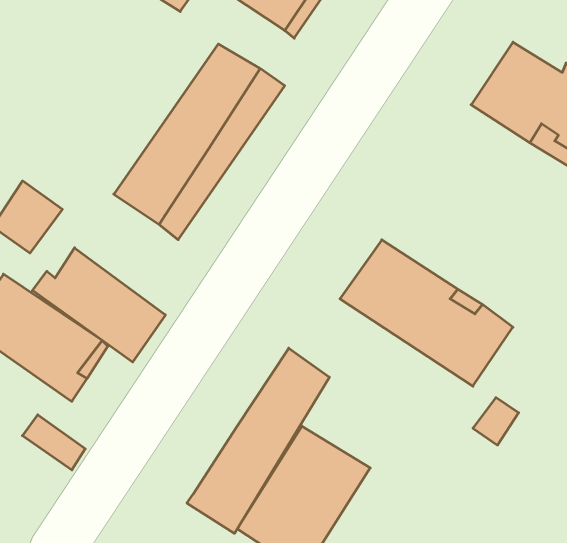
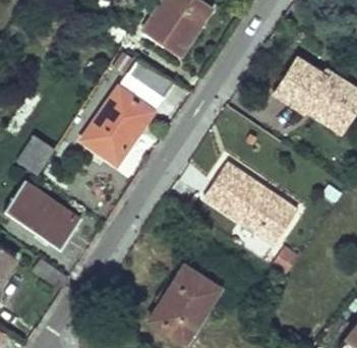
building: [32,248,165,362] -> none
building: [187,348,329,533] -> none

